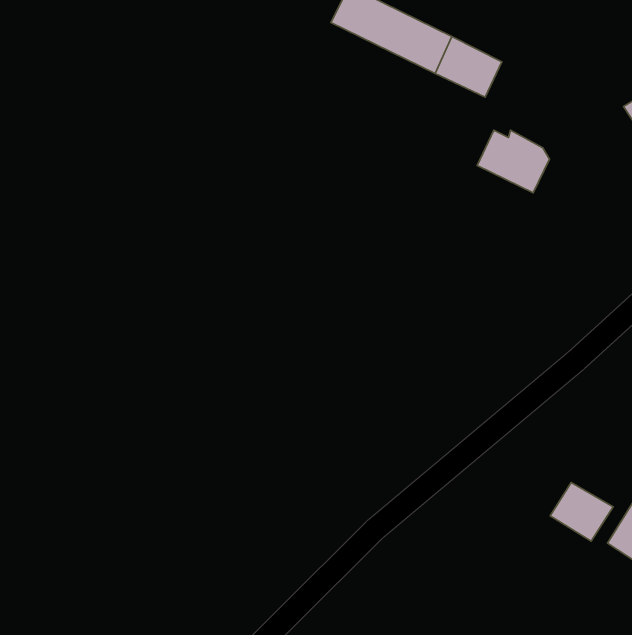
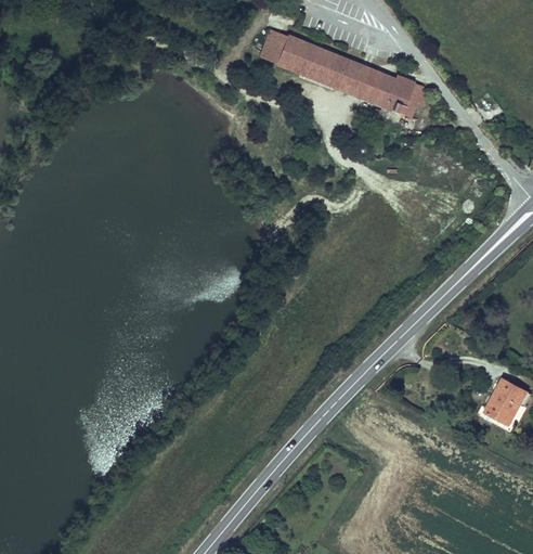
building: [477,130,550,193] -> [374,75,425,118]
building: [550,482,613,541] -> none

